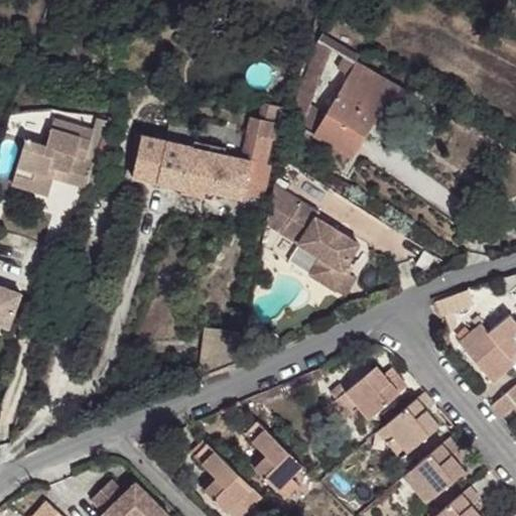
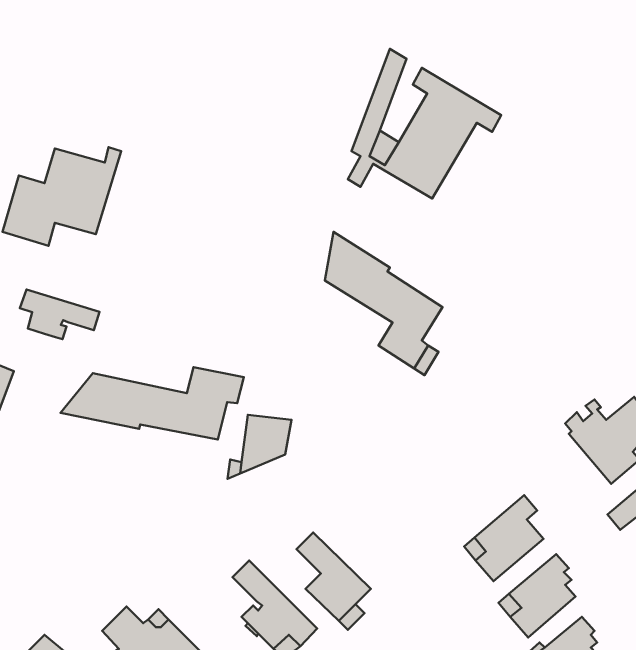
building: [133,105,281,199] -> none
building: none -> [20,289,100,339]
building: none -> [60,367,244,440]
building: [329,366,406,418] -> none

